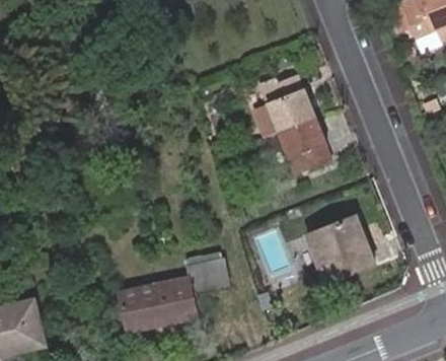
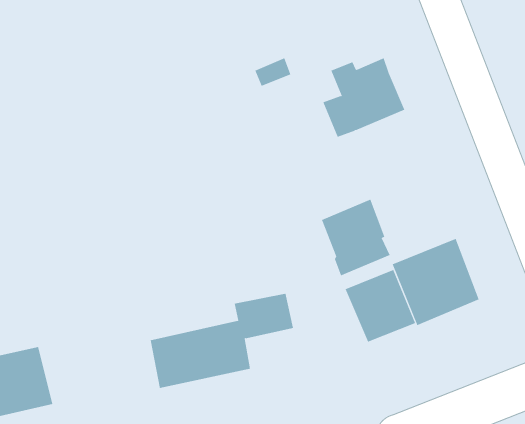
building: [277,116,330,175] -> [321,199,390,276]
building: none -> [345,269,416,343]

